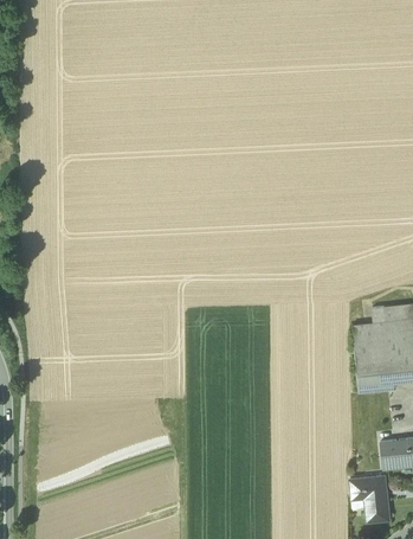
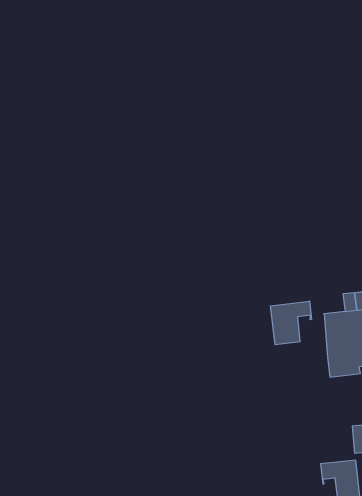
building: none -> [271,301,311,345]

